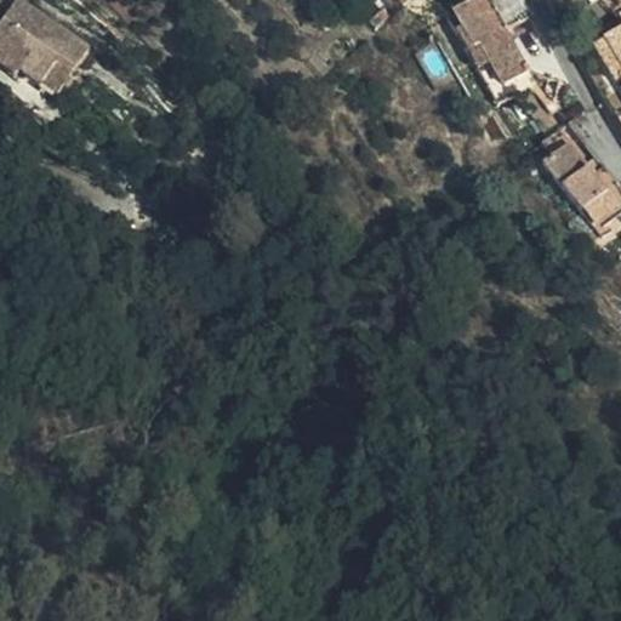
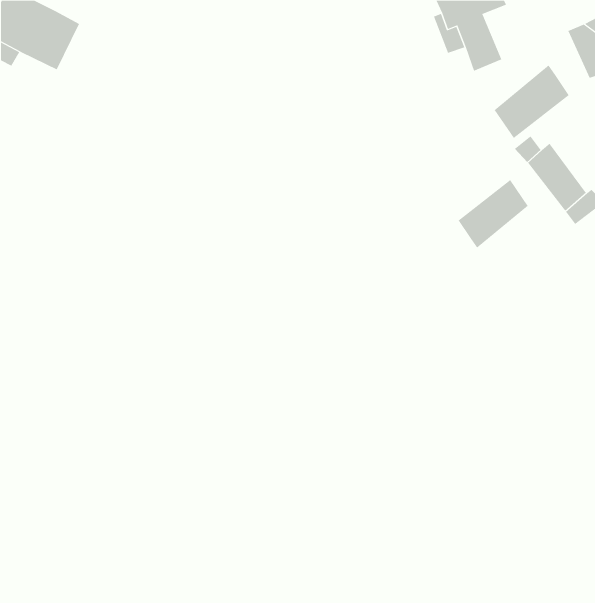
building: none -> [494,64,570,139]
building: none -> [458,179,529,248]

